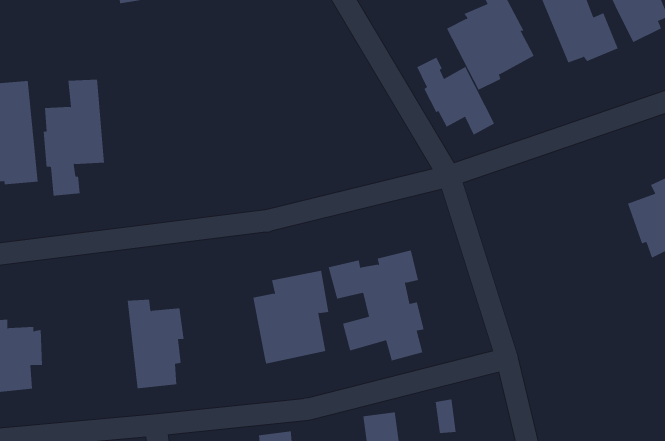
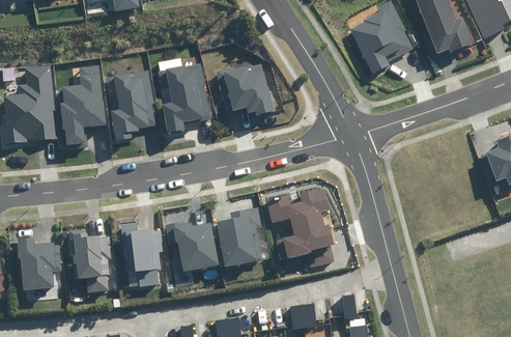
building: [416,57,495,136] -> none
building: none -> [158,63,210,134]
building: none -> [214,63,276,116]
building: none -> [106,71,158,141]
building: none -> [169,218,219,272]
building: none -> [70,235,108,292]

